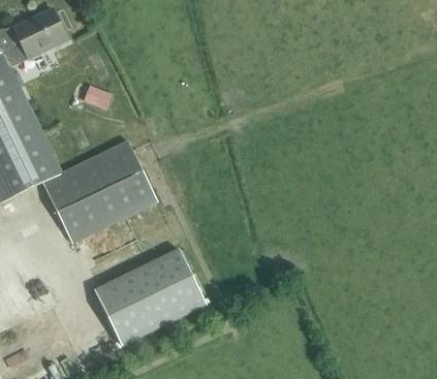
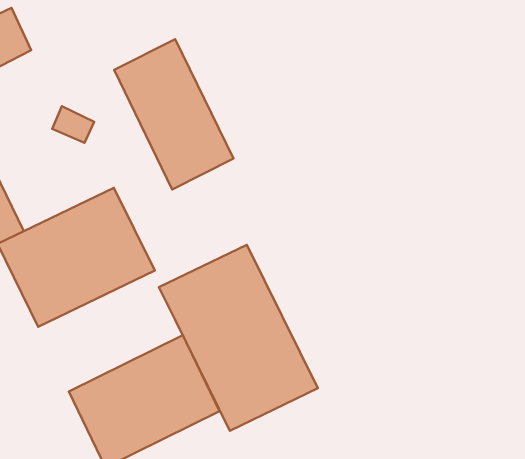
building: none -> [114,39,233,189]
building: none -> [159,245,318,431]

